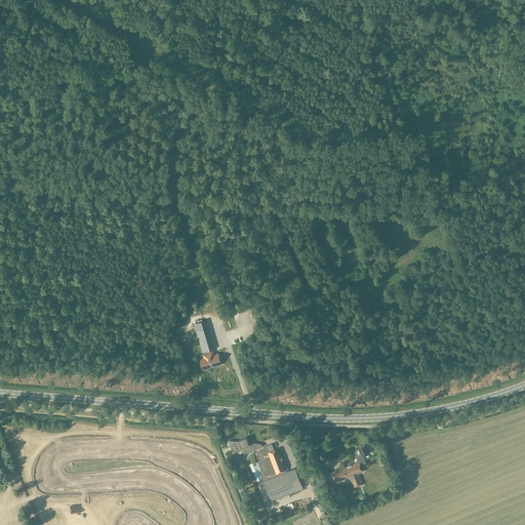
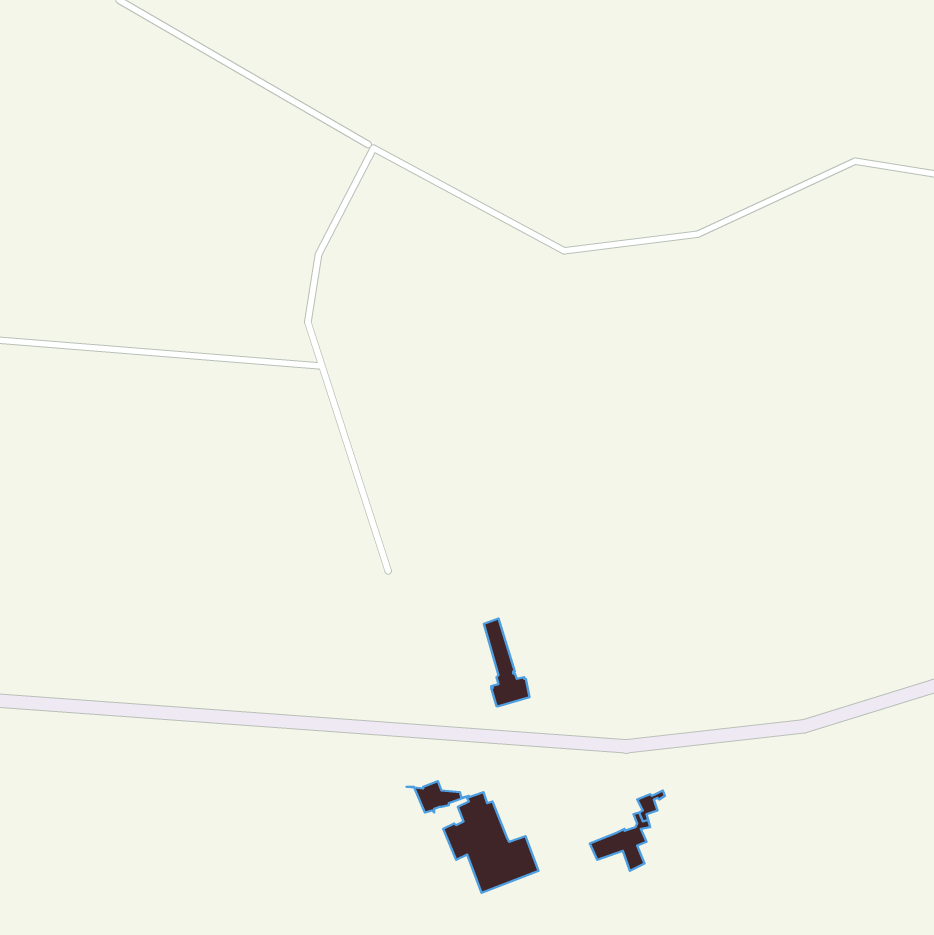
building: [196,321,221,370] -> [484,618,530,706]

